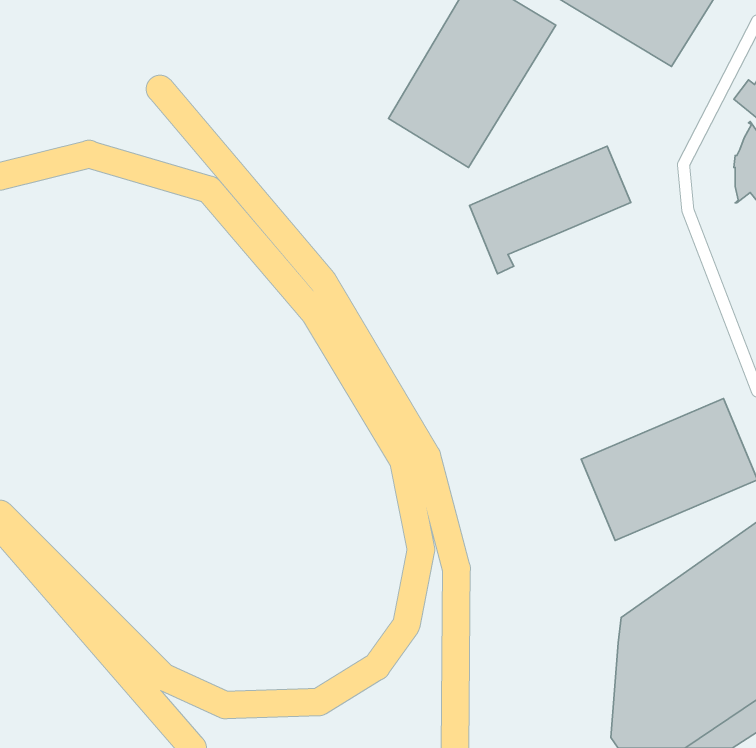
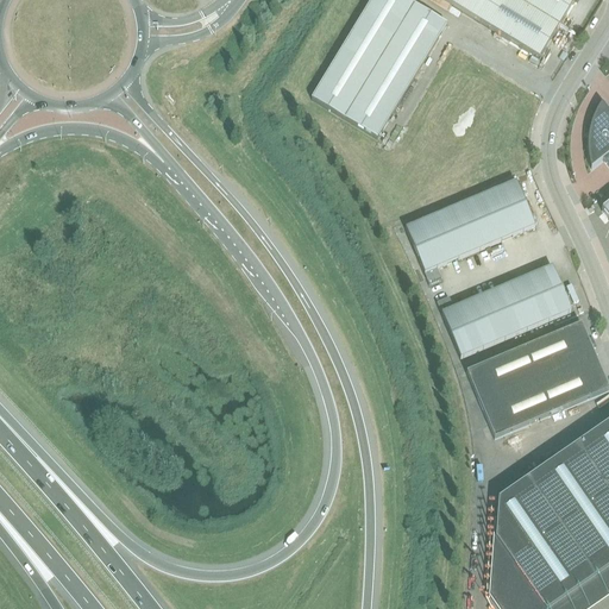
building: [469,146,631,274] -> [407,177,536,280]
building: none -> [438,263,572,354]

